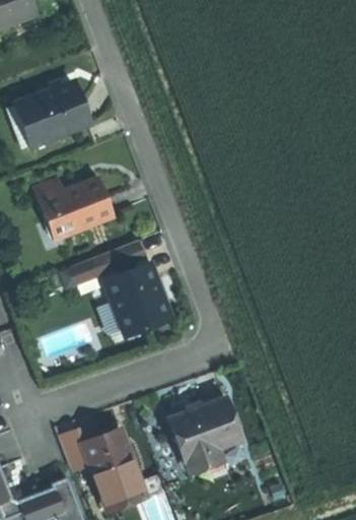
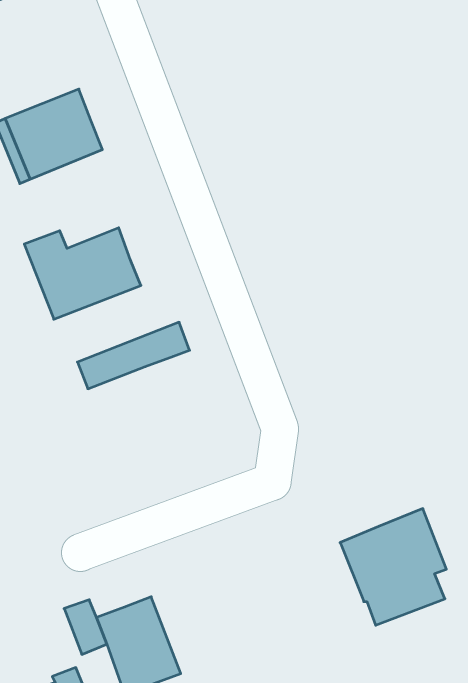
building: [106,264,168,333] -> none
building: [170,396,243,476] -> [340,509,446,625]

